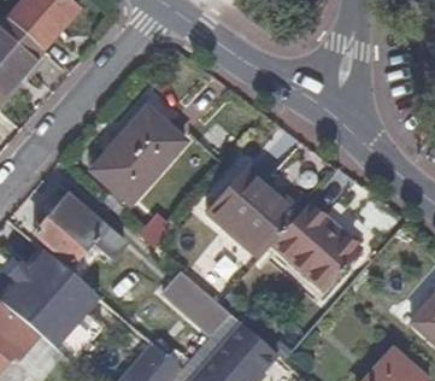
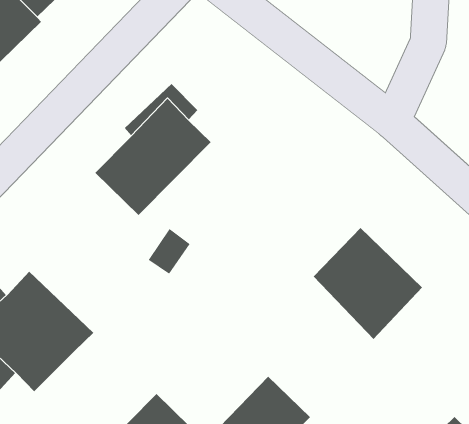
building: [206,163,302,259] -> none
building: [35,193,125,265] -> none
building: [163,271,230,335] -> none

